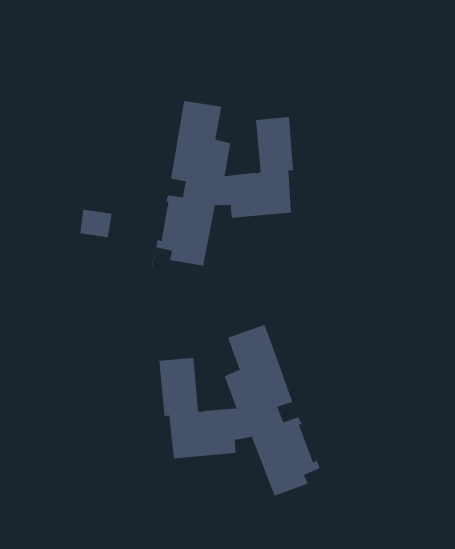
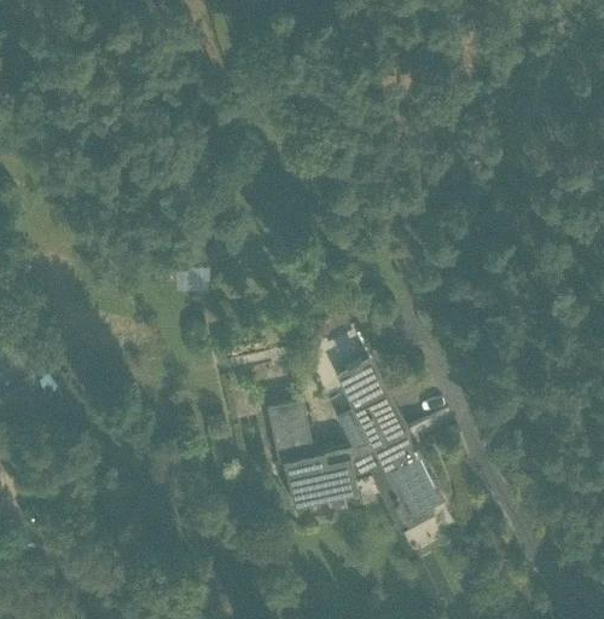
building: [151,100,293,267] -> none

